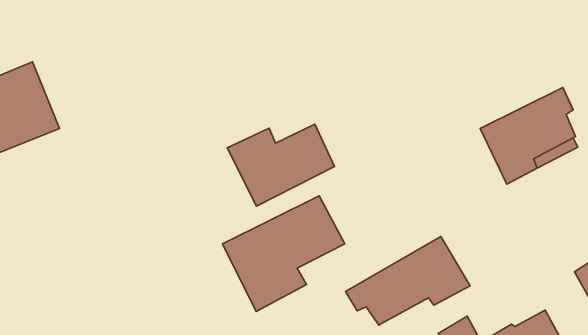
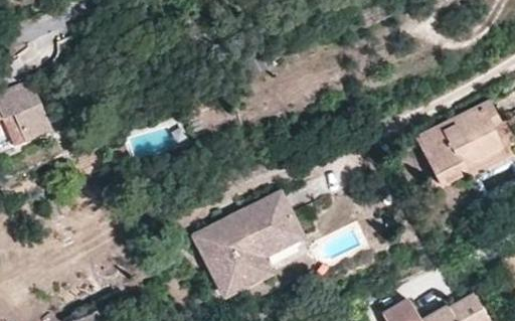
building: [227,124,335,206] -> none
building: [346,237,470,325] -> none

